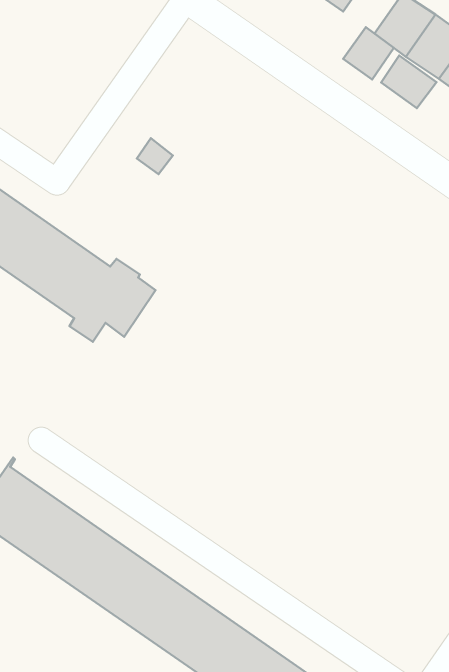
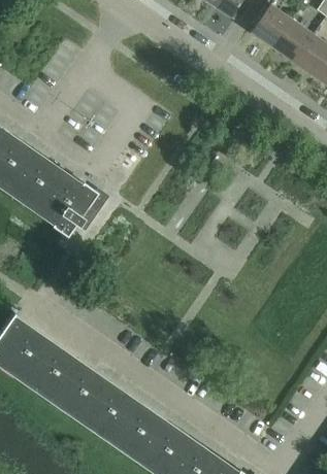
building: [343,27,394,79] -> none
building: [381,56,437,108] -> none

